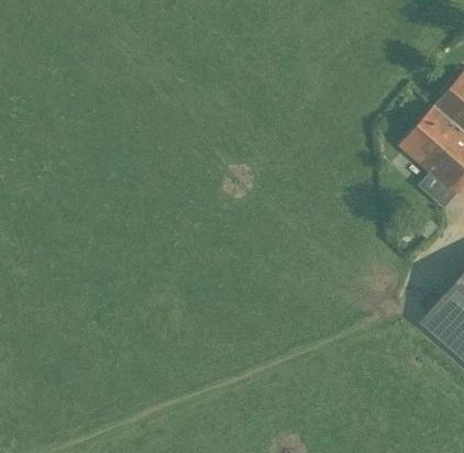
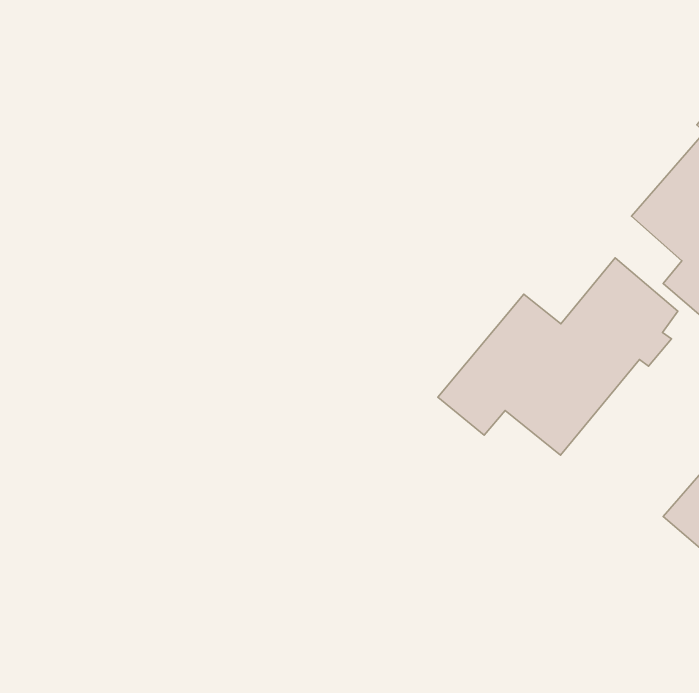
building: none -> [438,258,678,455]

